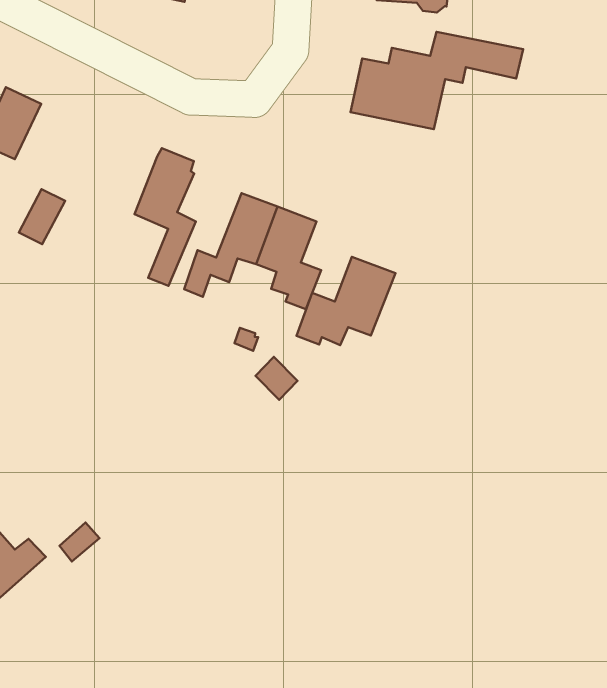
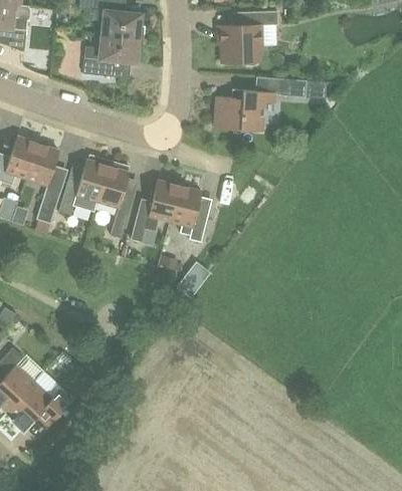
building: none -> [26,143,58,184]
building: none -> [58,154,109,214]
building: [296,257,396,345] -> none

